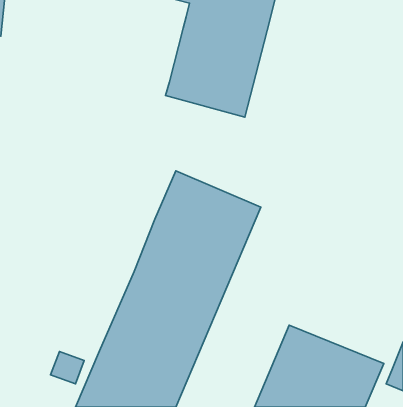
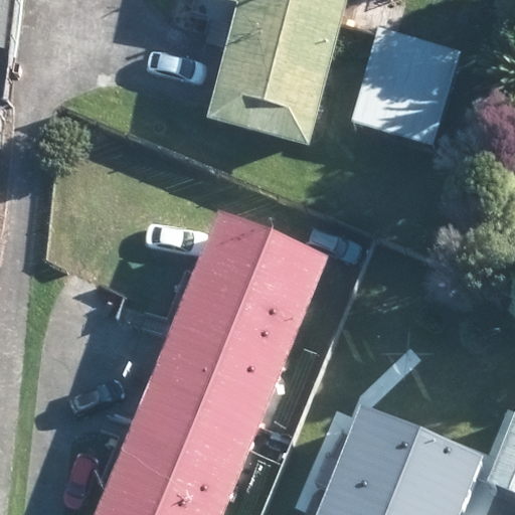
building: none -> [347,26,458,146]

